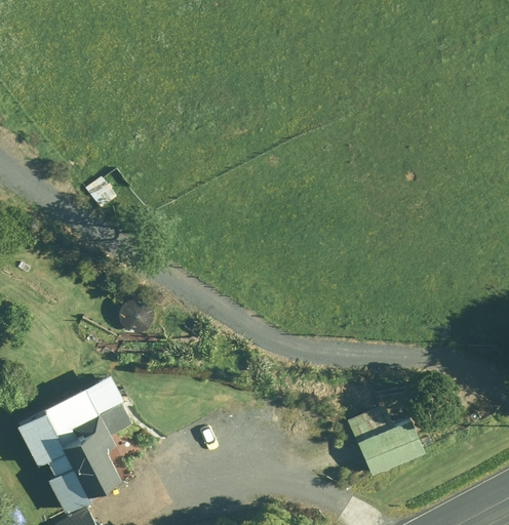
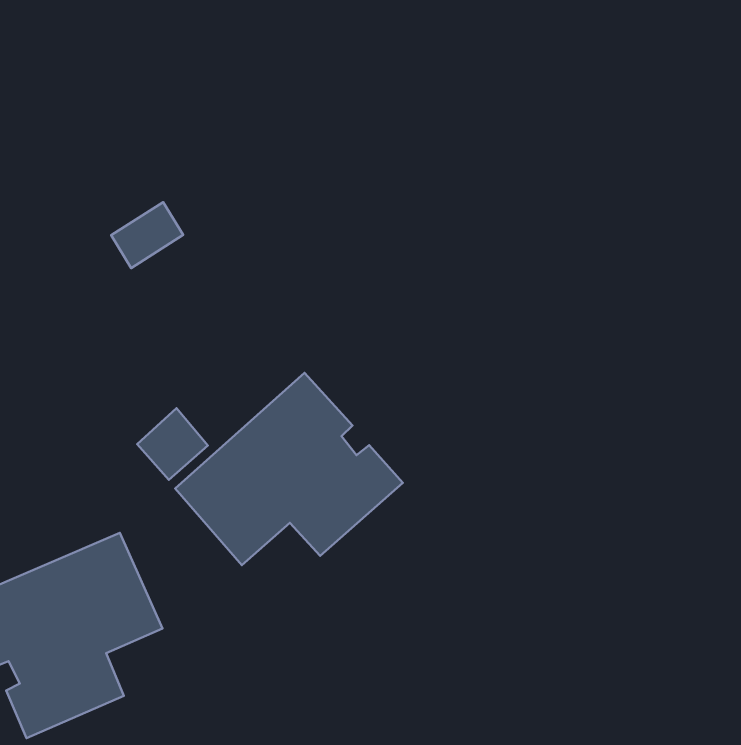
building: none -> [175,373,403,565]
building: [349,408,425,475] -> none

